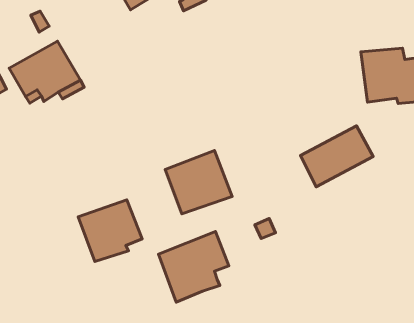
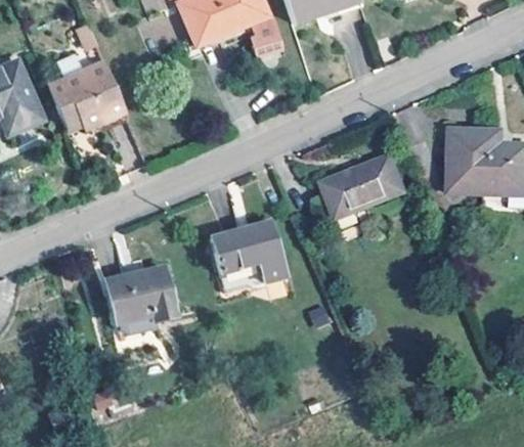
building: [300,126,373,187] -> [323,154,406,218]
building: [158,231,229,302] -> none

